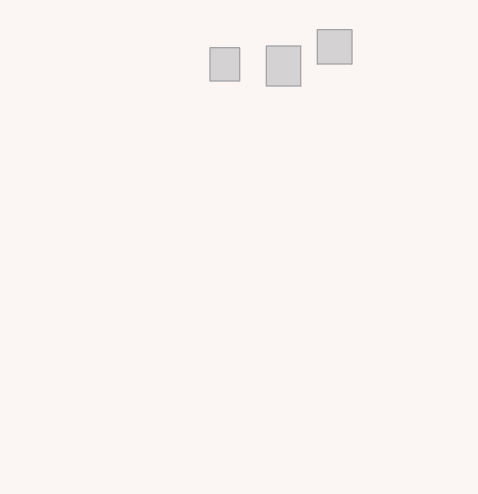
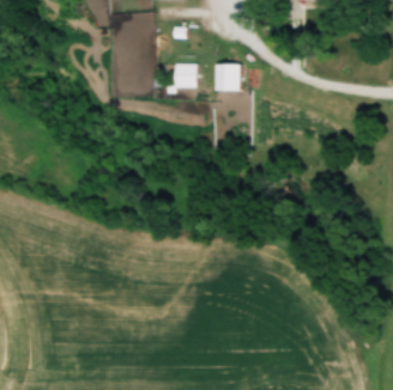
building: [317,30,352,64] -> none

